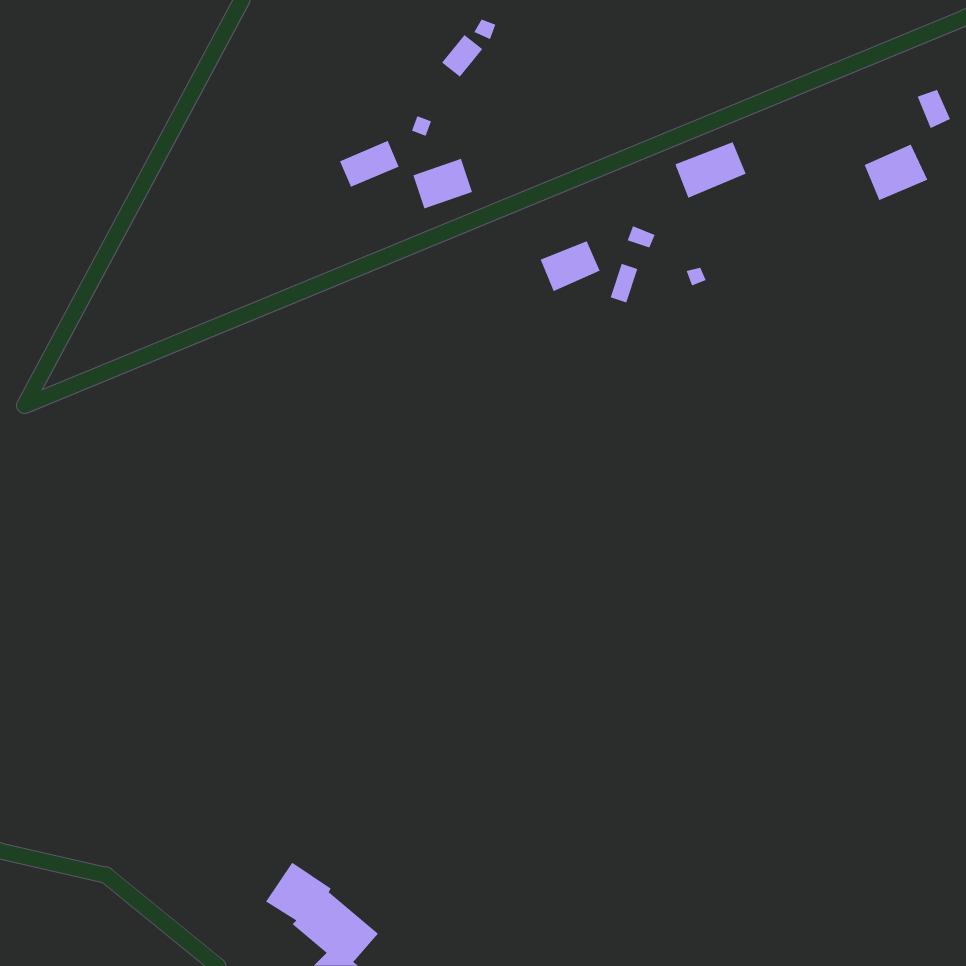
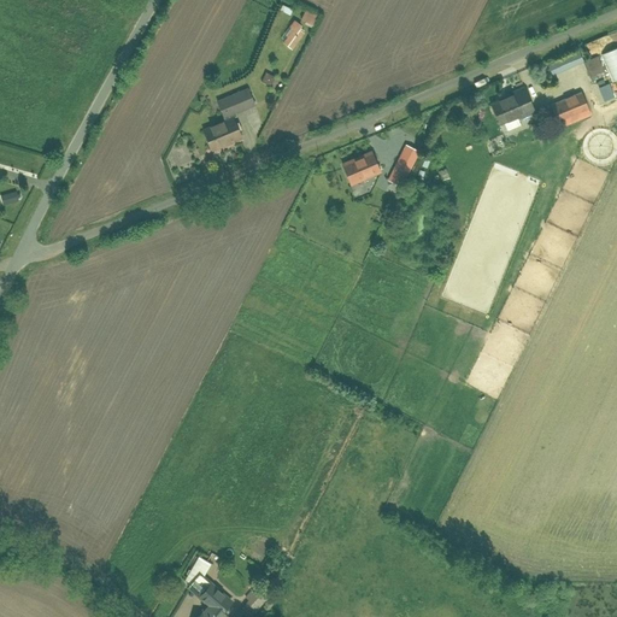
building: [675,142,747,198] -> [489,89,535,125]
building: [412,158,473,209] -> [204,119,242,152]

